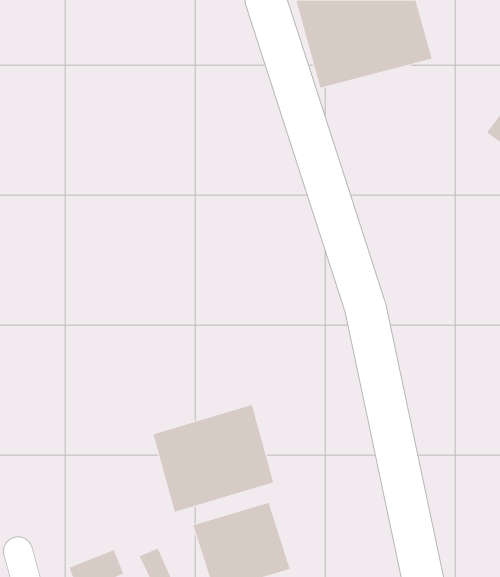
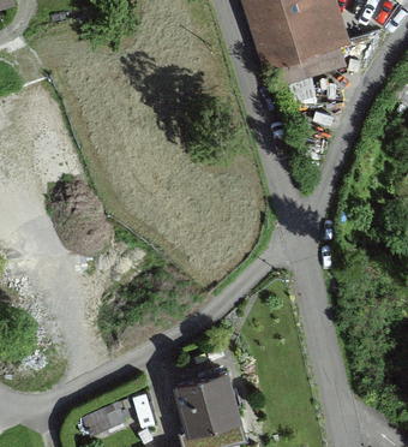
building: [153,404,274,512] -> none

